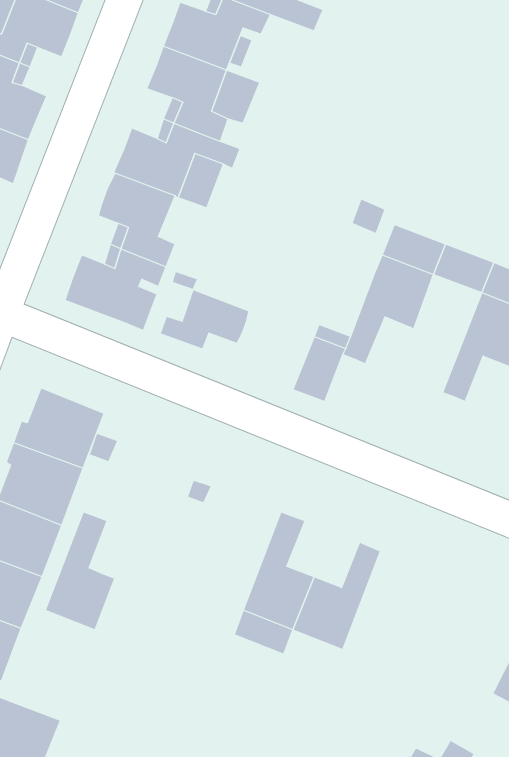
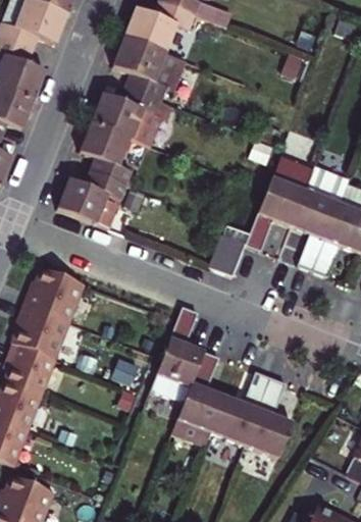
building: none -> [294,191,340,270]
building: [160,290,249,349] -> none
building: [45,512,115,630] -> [157,306,204,385]
building: none -> [246,377,294,457]

